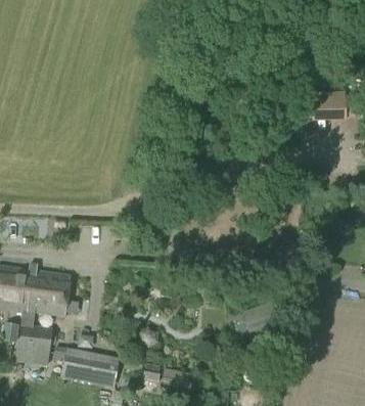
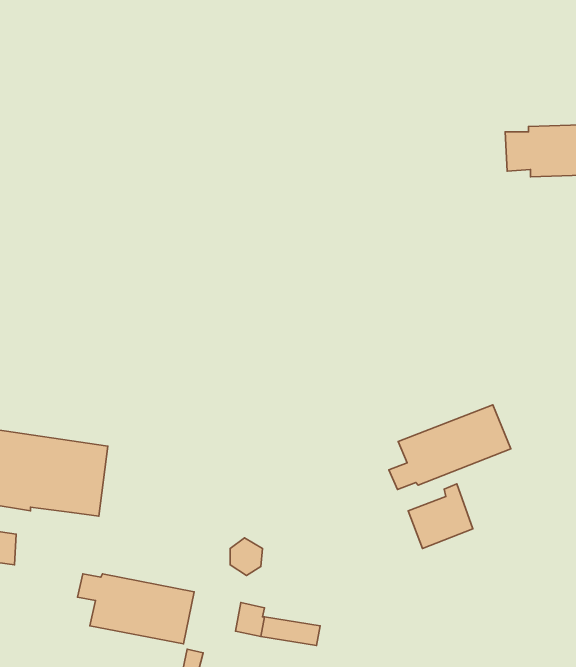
building: none -> [389,405,511,490]
building: [17,323,53,365] -> none

